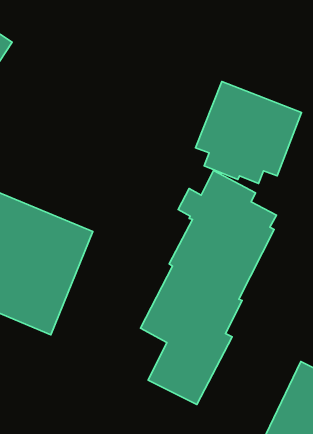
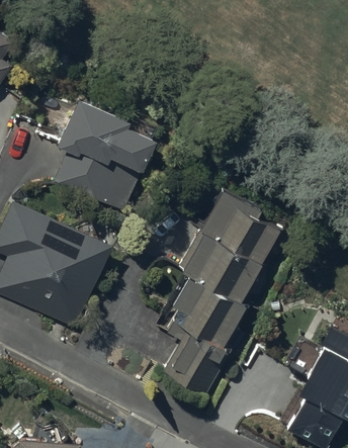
building: none -> [54,87,158,213]
building: [195,81,301,184] -> none

